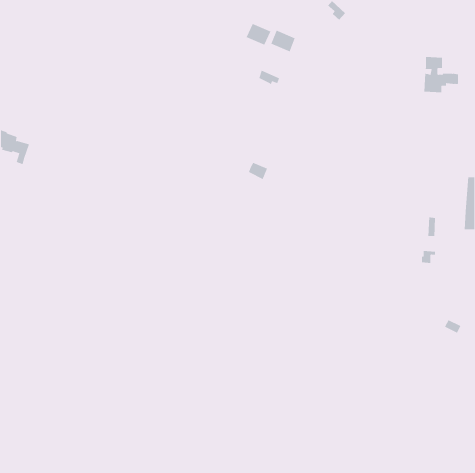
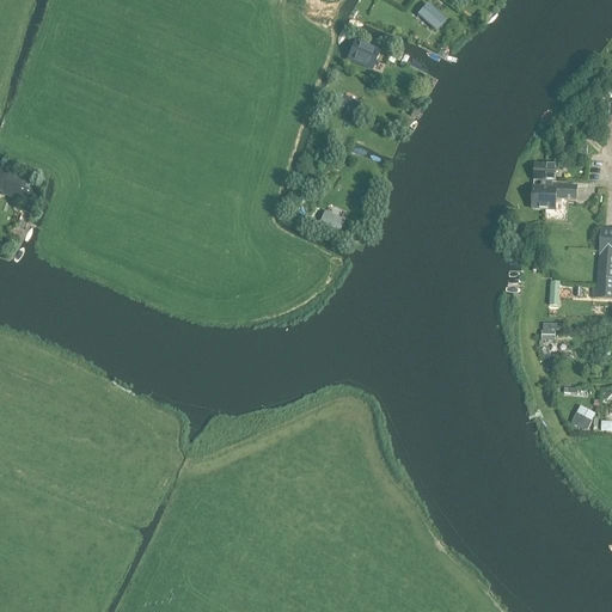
building: [246,23,271,46] -> none
building: [423,57,459,93] -> [532,161,577,208]

